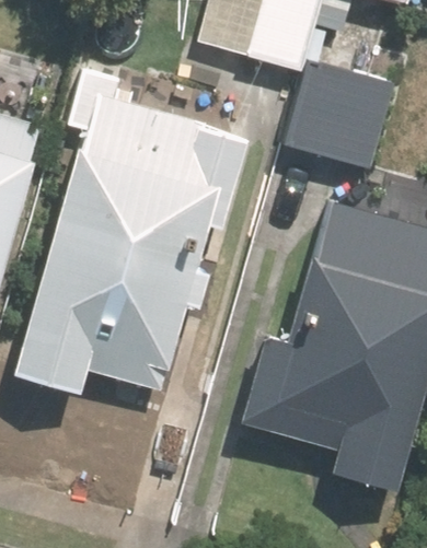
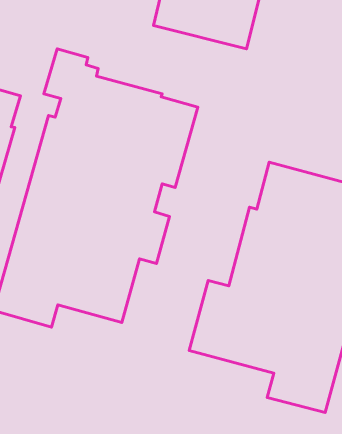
building: [287,57,395,168] -> none

